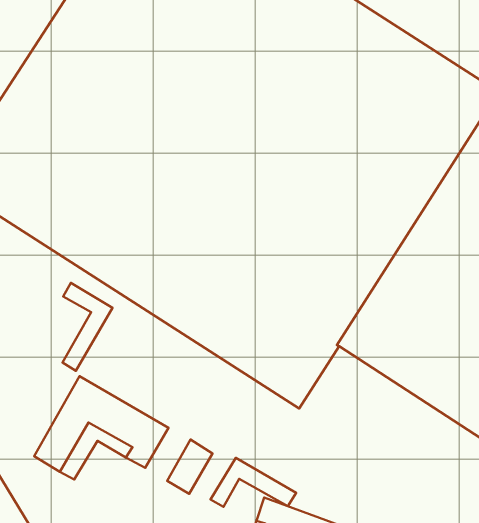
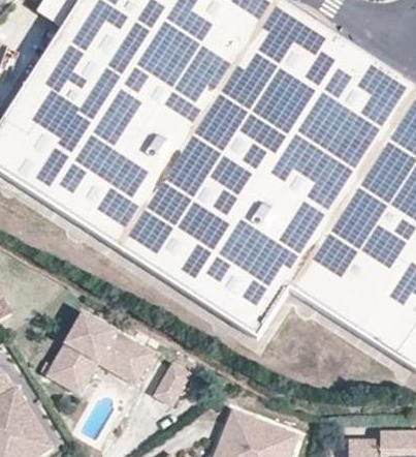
building: [63,283,112,371] -> none
building: [210,458,296,507] -> none

